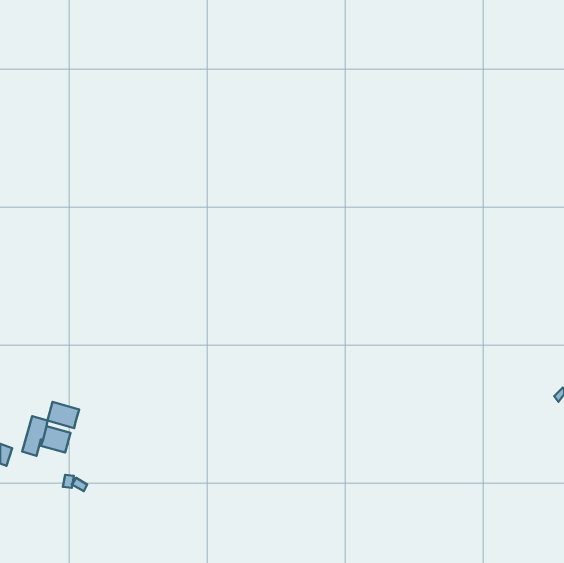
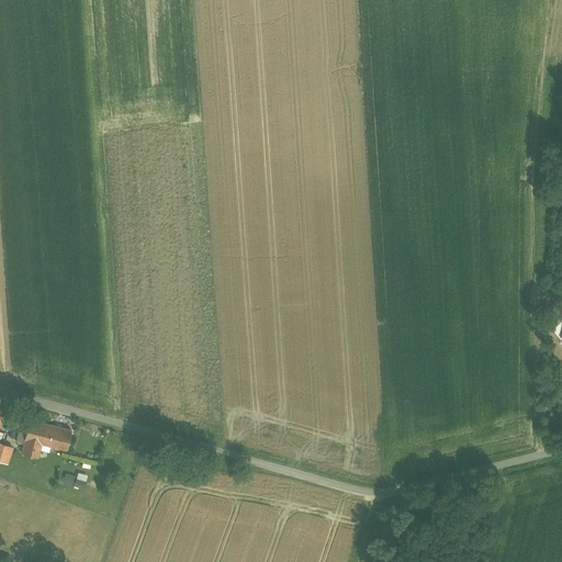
building: [47,402,79,428] -> none

